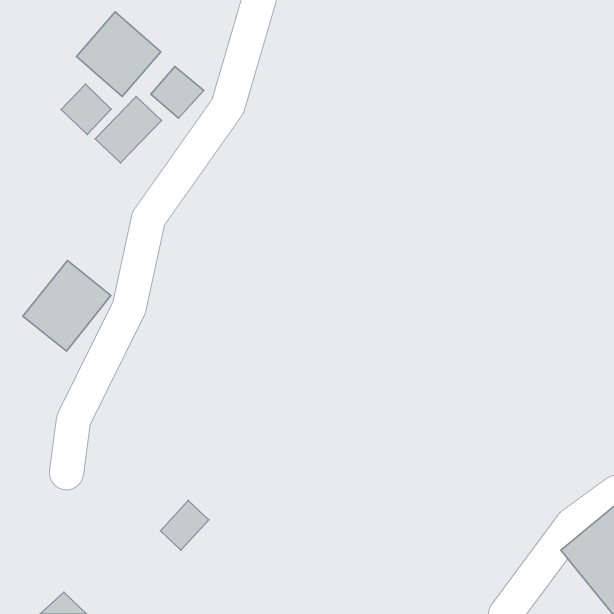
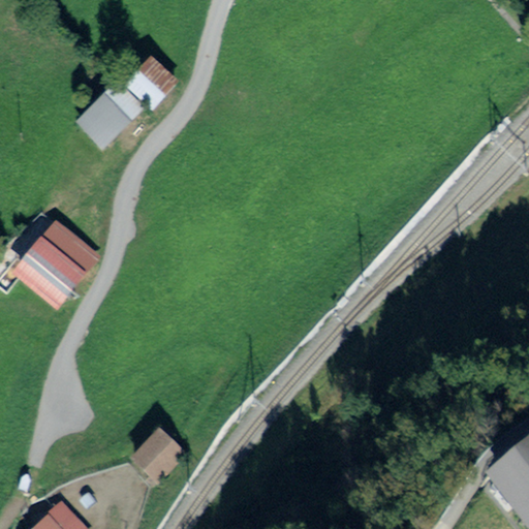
building: [76,12,161,96] -> none
building: [61,84,111,134] -> none

